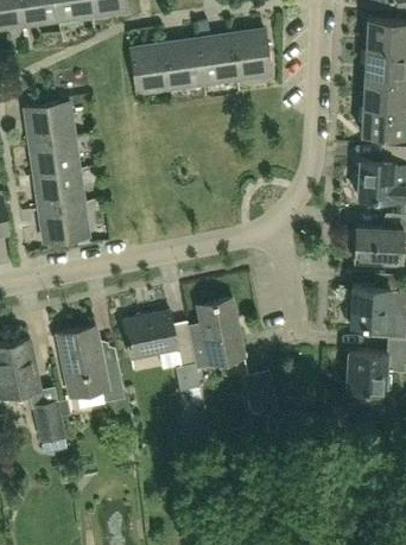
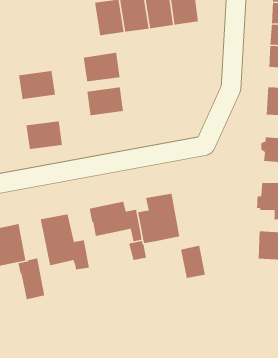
building: [24,103,74,144] -> [83,52,120,82]
building: [33,171,83,210] -> [86,87,124,116]

